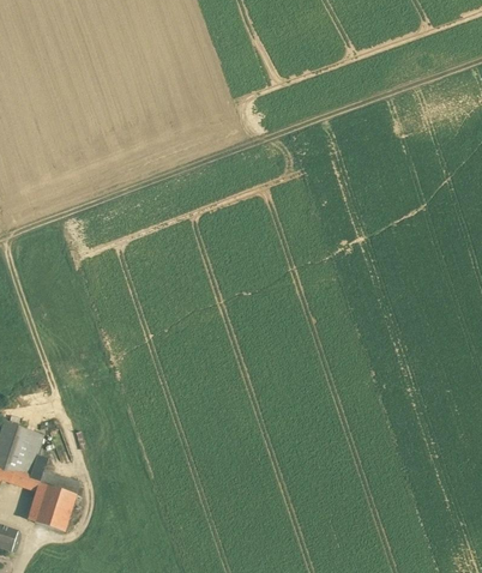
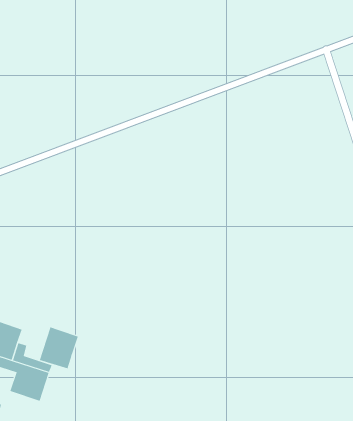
building: none -> [39,327,78,369]

